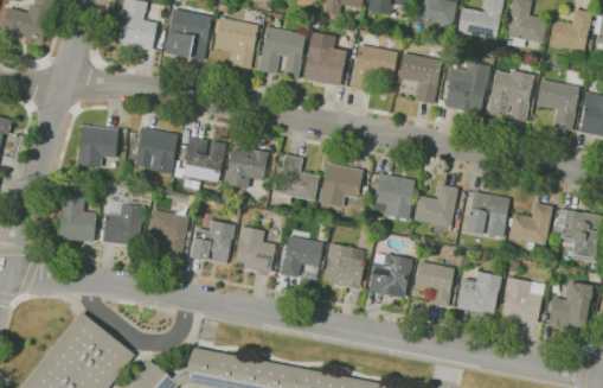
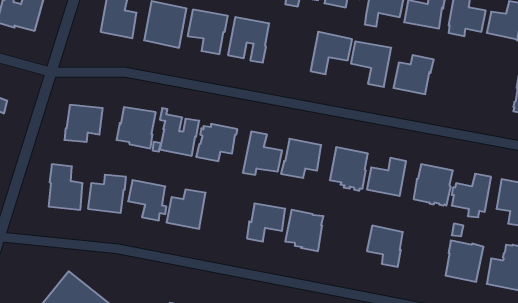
building: [304,31,347,85] -> none
building: [485,70,533,121] -> none
building: [535,79,578,131] -> none
building: [236,224,277,272] -> none
building: [370,252,413,298] -> none
building: [458,271,502,314] -> none

